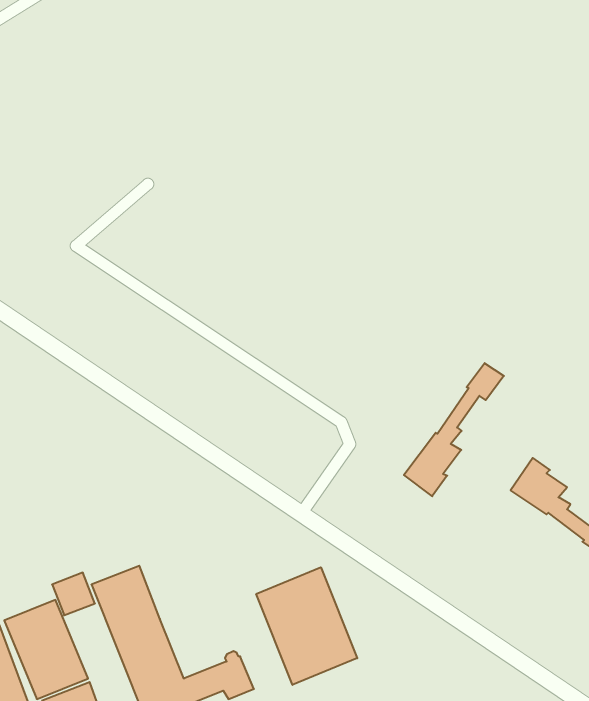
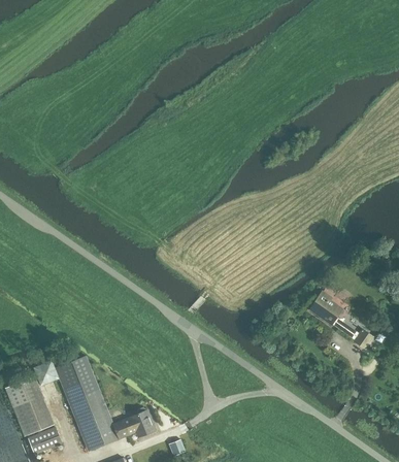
building: [404,363,504,496] -> none
building: [256,567,357,685] -> none

